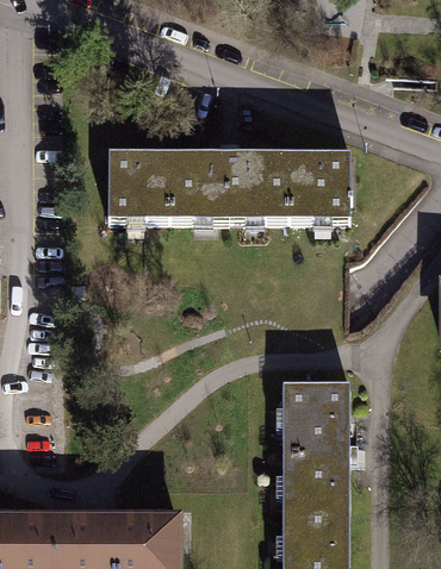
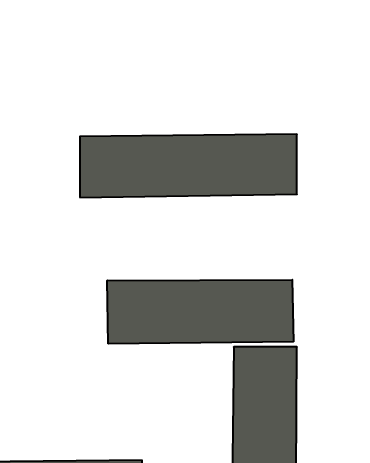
building: none -> [107,280,293,344]

